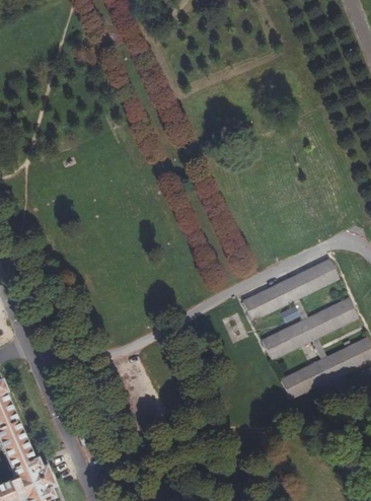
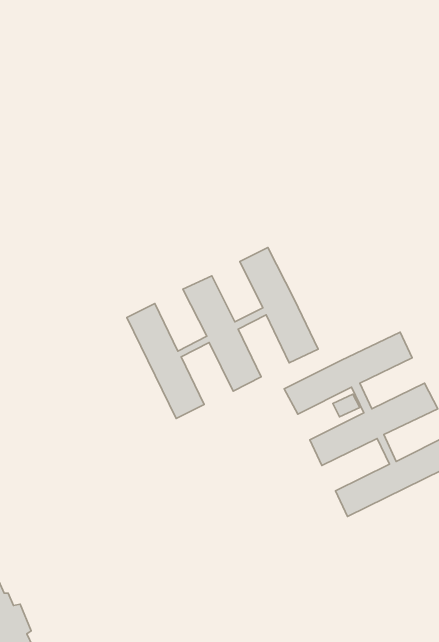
building: none -> [127,248,318,419]

